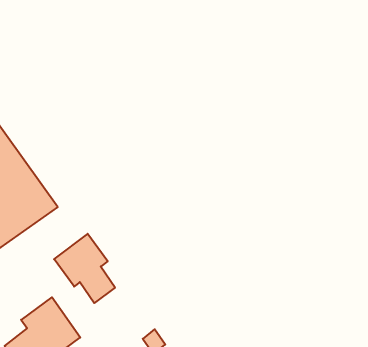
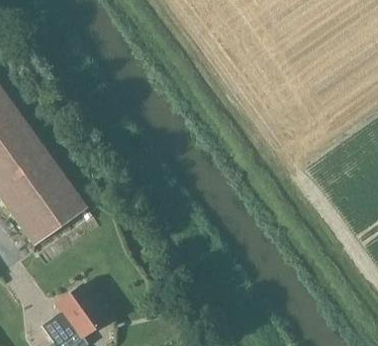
building: [54,234,115,303] -> none

